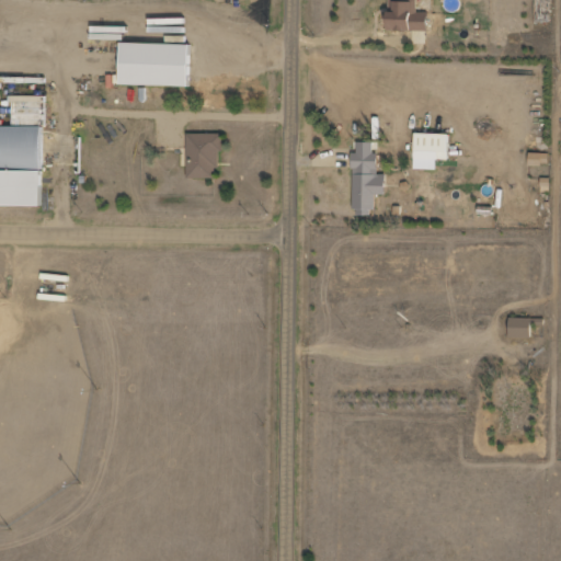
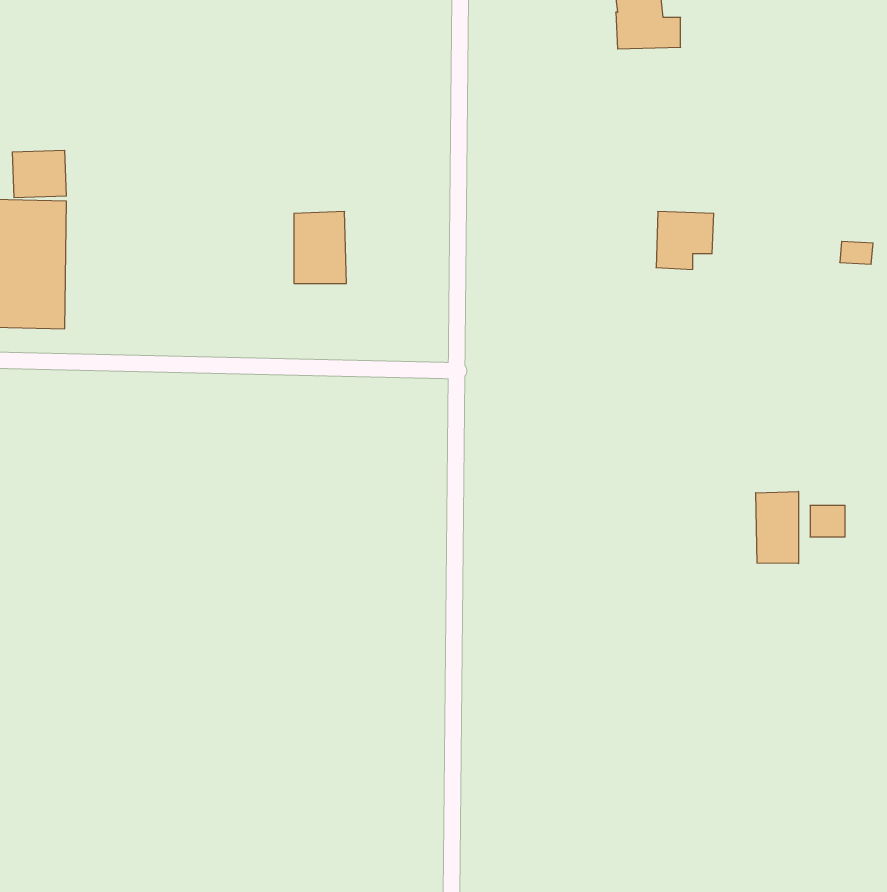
building: [118,42,188,87] -> none
building: [351,141,382,215] -> none
building: none -> [756,491,798,564]

